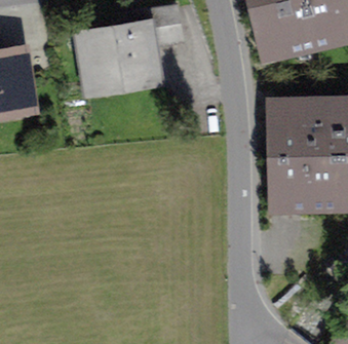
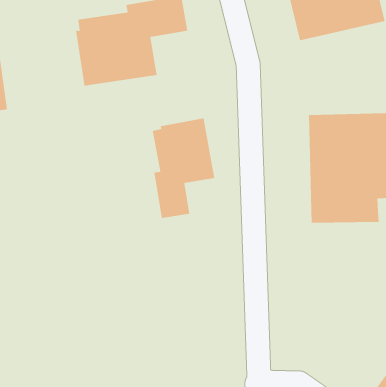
building: none -> [152,118,215,219]

